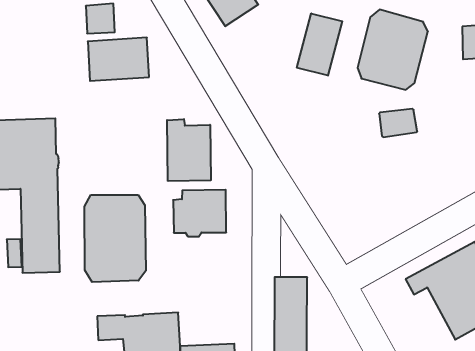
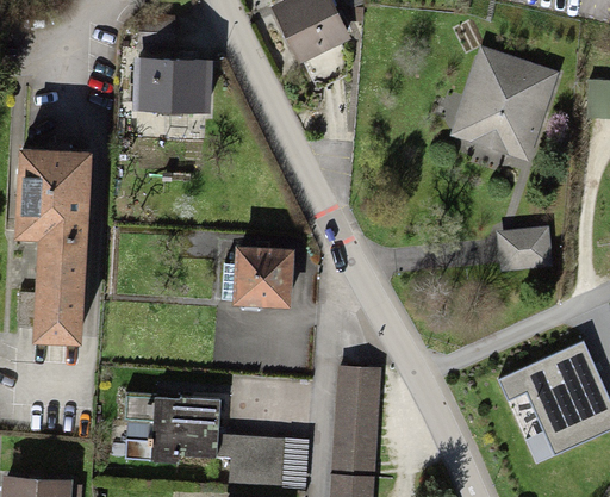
building: [297,13,342,76] -> none
building: [379,109,417,137] -> [506,235,550,266]
building: [167,119,211,181] -> none
building: [84,195,146,282] -> none

